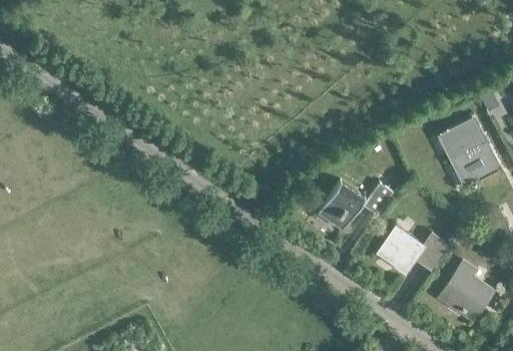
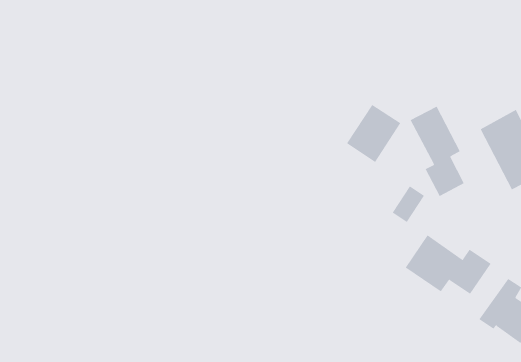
building: none -> [410,106,465,197]
building: [318,181,365,231] -> [346,104,401,163]

